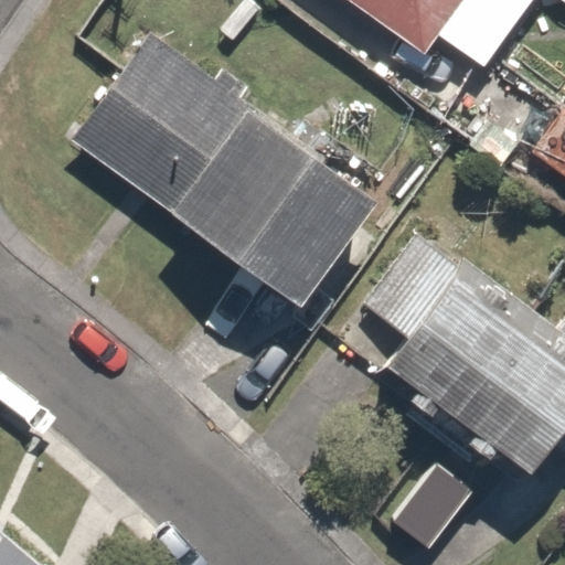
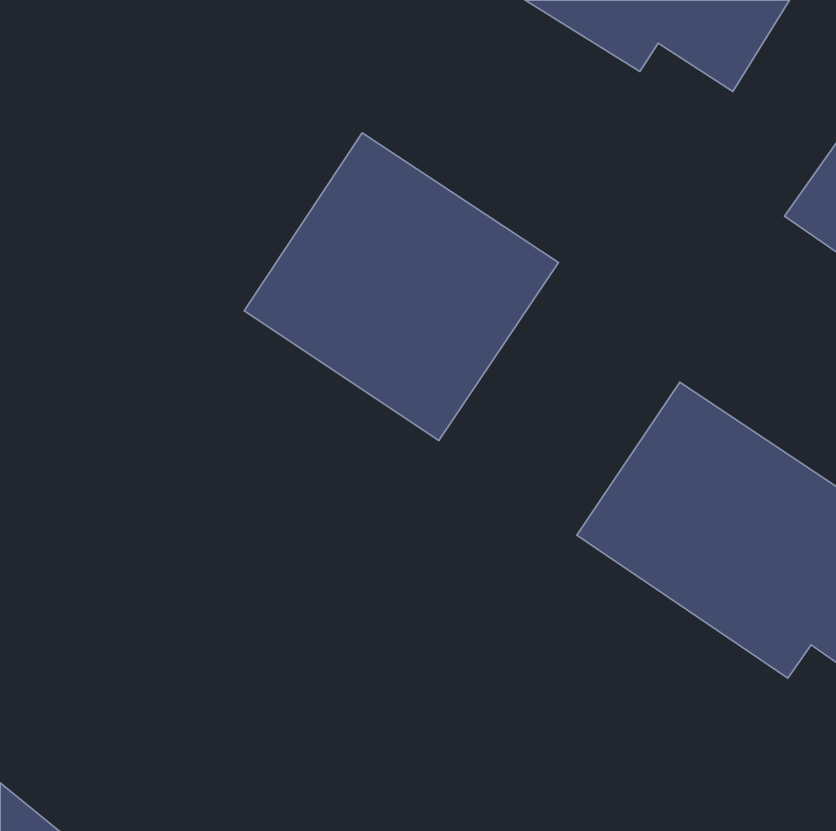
building: [64,29,249,218] -> none

